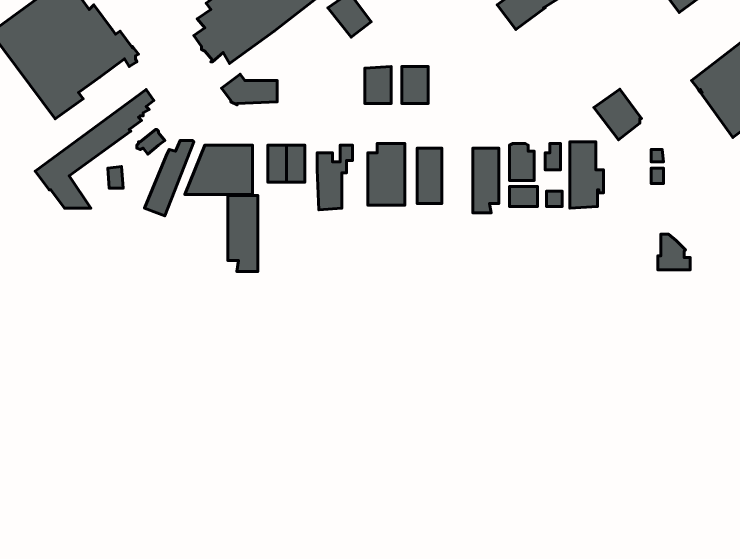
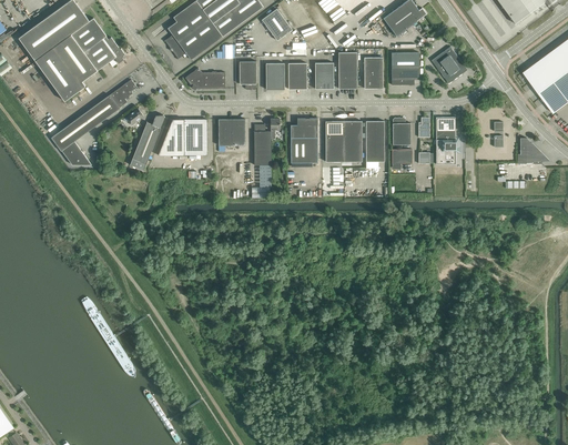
building: none -> [337,52,356,89]
building: none -> [390,52,418,84]
building: none -> [364,57,382,88]
building: none -> [239,61,256,89]
building: none -> [265,63,284,89]
building: [594,89,641,140] -> [430,47,465,83]
building: none -> [343,121,362,161]
building: [228,196,258,271] -> none
building: [658,234,690,270] -> [517,138,540,163]

